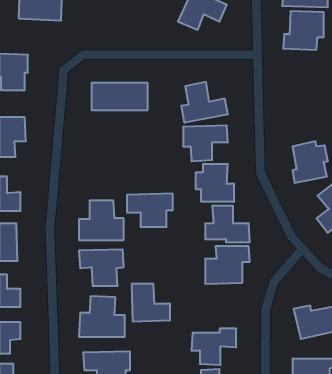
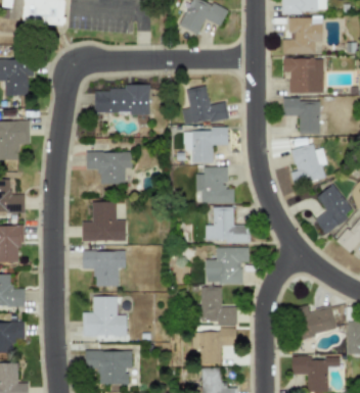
building: none -> [283,58,323,93]
building: none -> [284,99,319,134]
building: [127,194,173,227] -> [86,151,131,184]
building: [132,284,170,321] -> [199,287,237,324]

